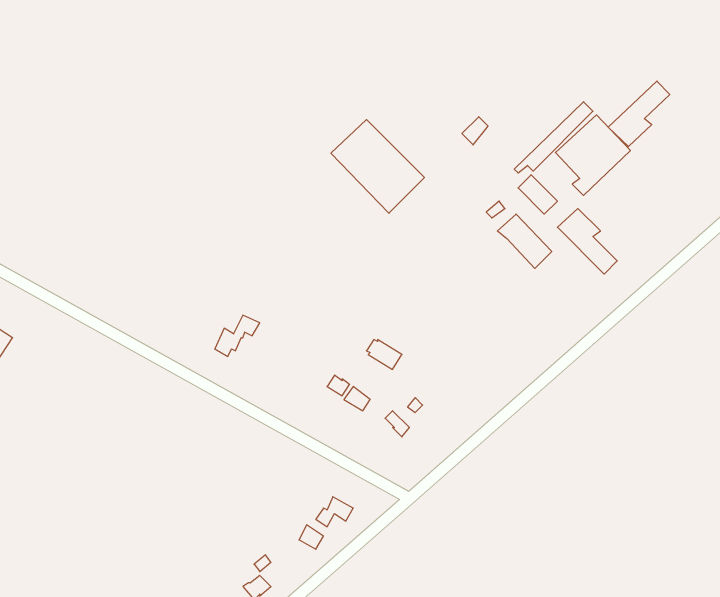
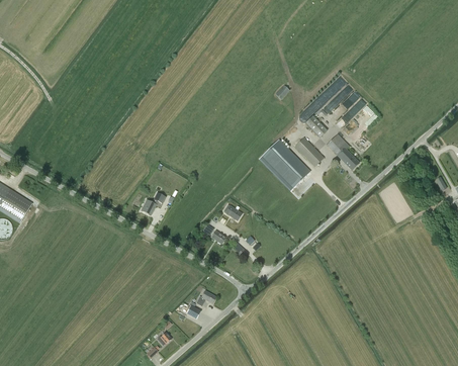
building: [608,81,670,147] -> none
building: [331,120,424,213] -> [259,140,309,190]

